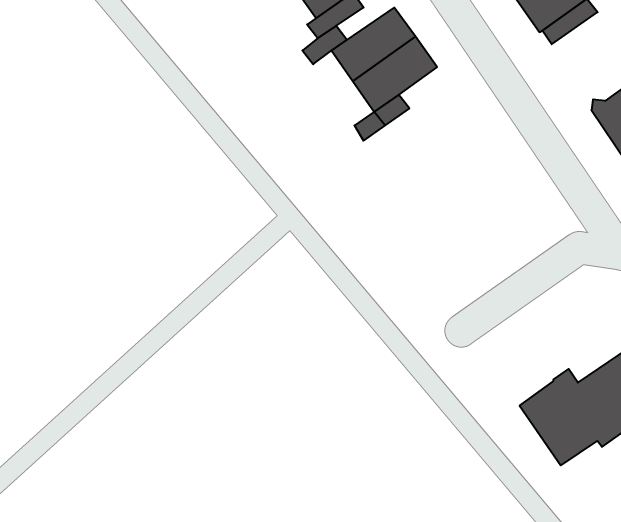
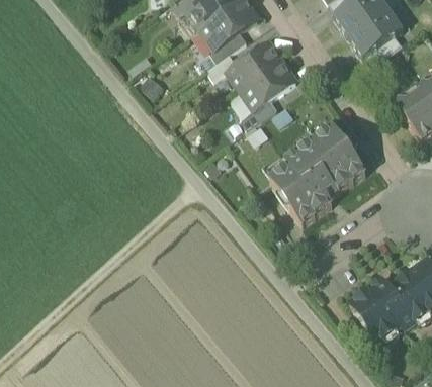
building: none -> [269,124,365,222]

